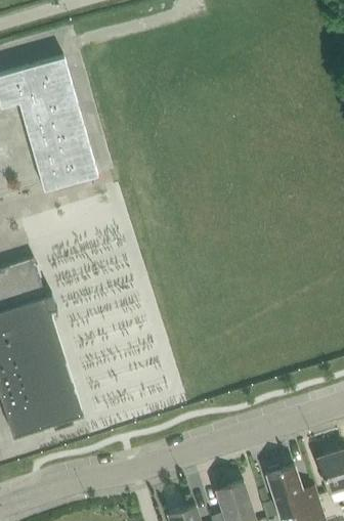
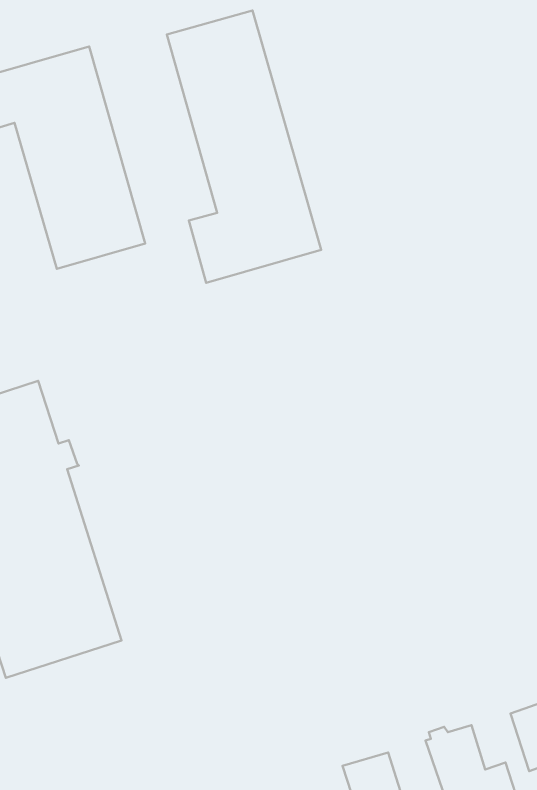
building: none -> [167,11,321,283]

